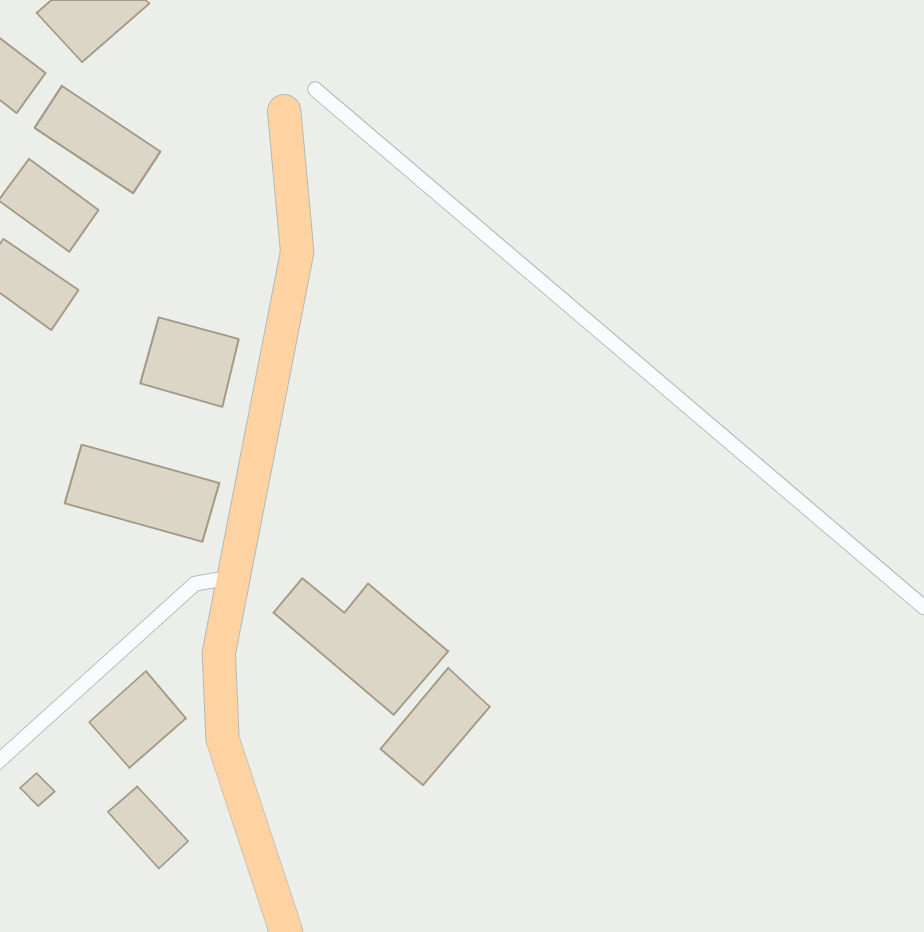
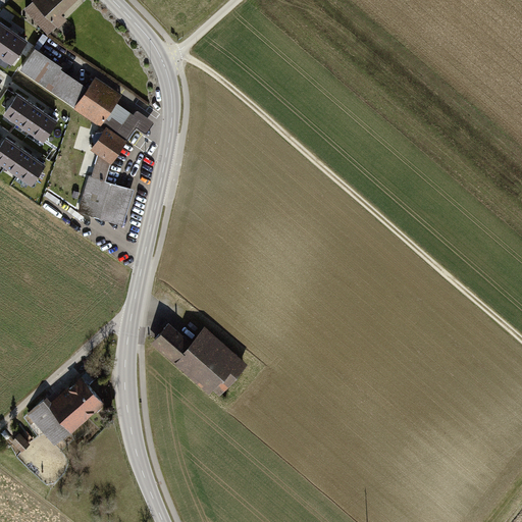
building: none -> [72,77,153,179]
building: [65,445,219,542] -> none
building: [380,668,490,785] -> none
building: [108,786,188,868] -> [25,400,70,446]

